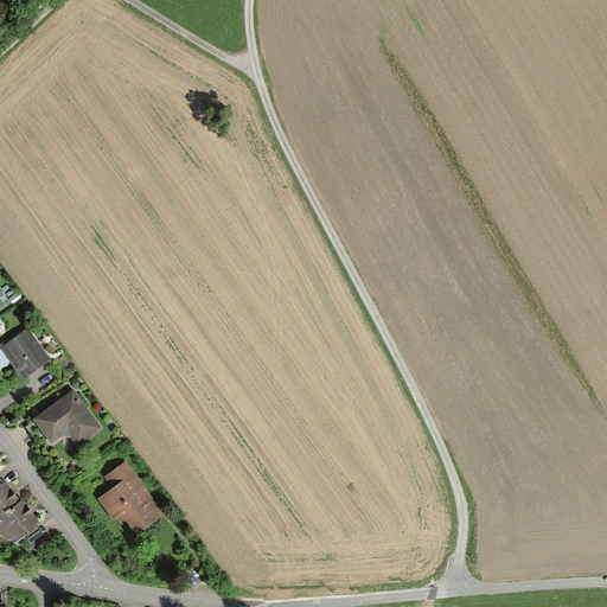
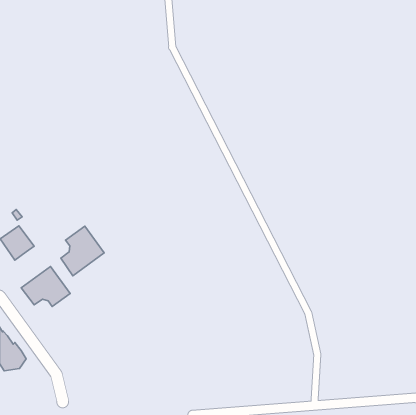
building: none -> [61,226,104,276]
building: [97,461,162,535] -> none

